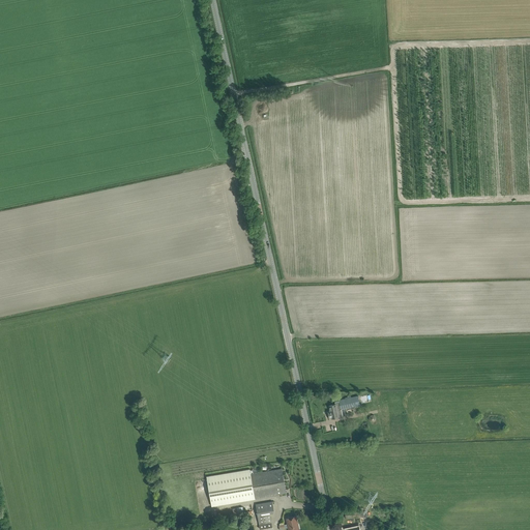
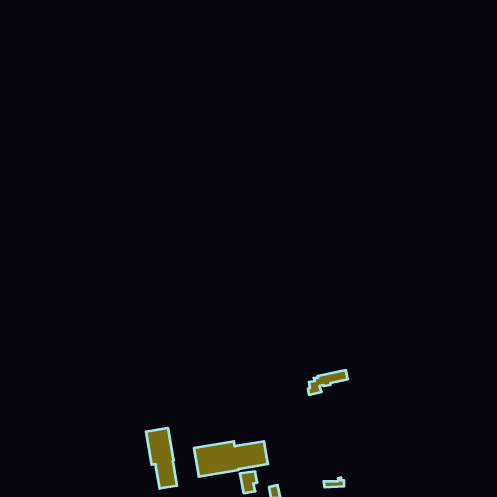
building: none -> [146,428,177,489]

